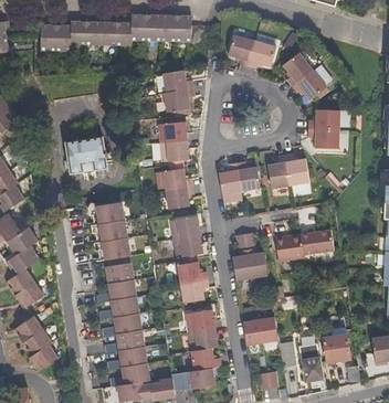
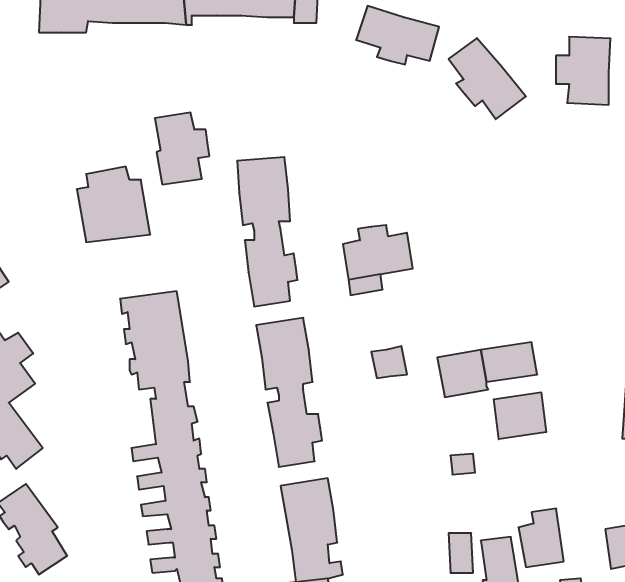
building: [161,71,193,113] -> [155,113,209,184]
building: [307,108,339,148] -> [556,37,611,105]
building: [266,153,309,189] -> none
building: [231,253,267,282] -> none
building: none -> [494,392,546,439]
building: [242,318,278,347] -> none

